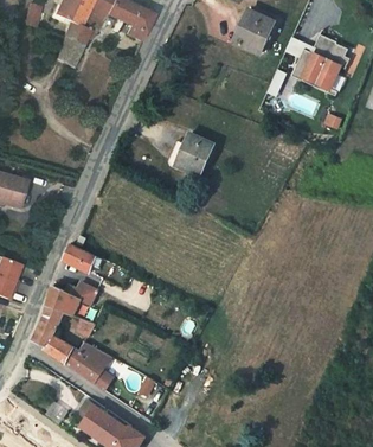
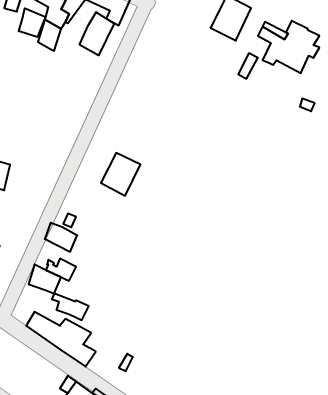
building: none -> [19,8,46,37]
building: none -> [80,12,114,55]
building: [173,132,213,175] -> [101,153,140,196]
building: [33,306,64,346] -> none

